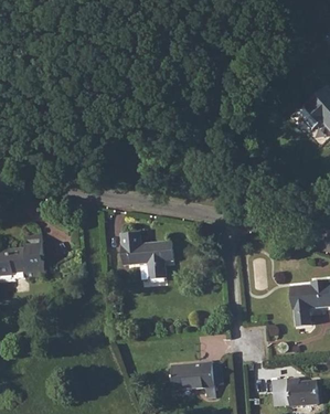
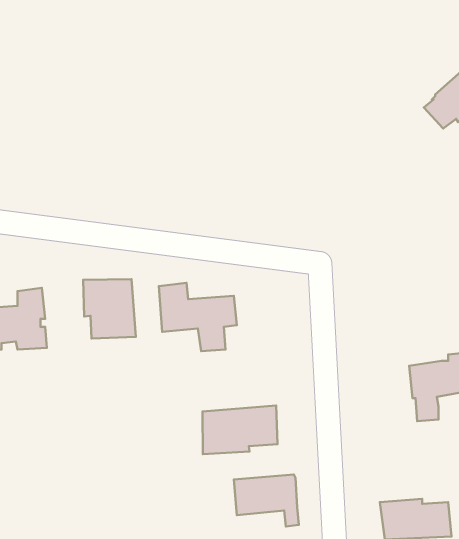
building: none -> [83,279,136,338]
building: none -> [203,405,277,454]

